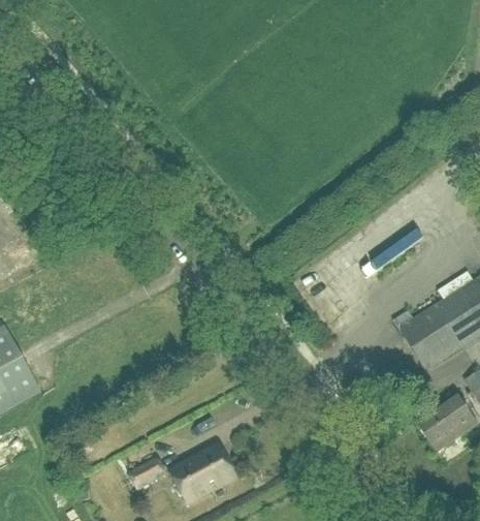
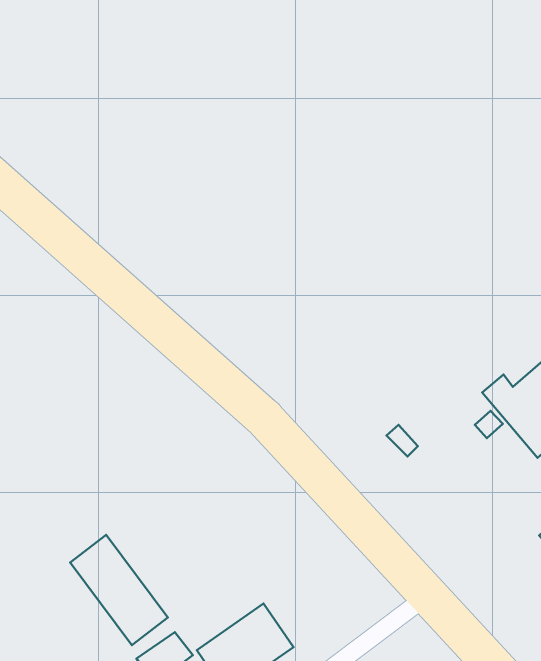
building: none -> [70,535,168,645]

